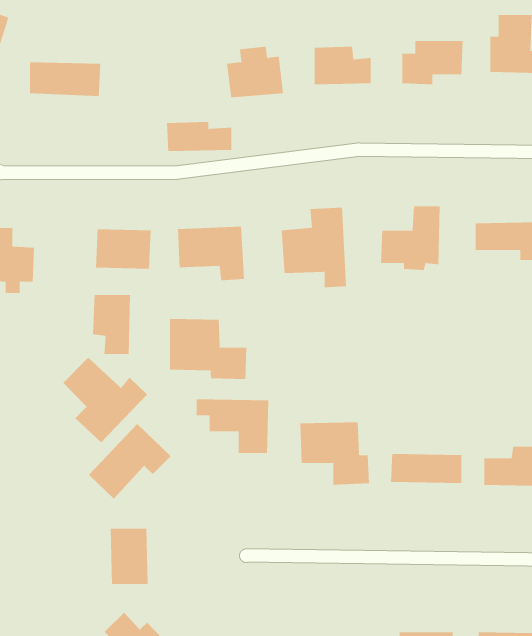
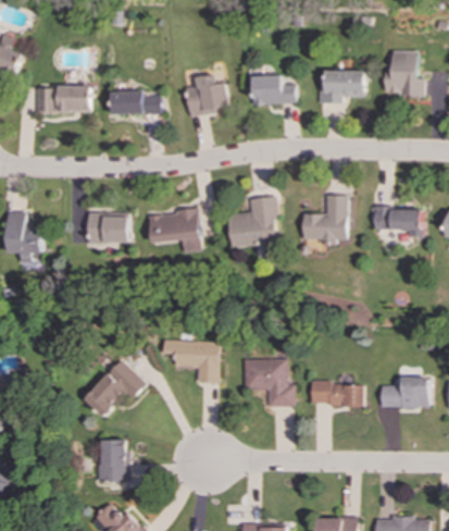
building: [166,121,232,152] -> [111,90,161,113]
building: [93,294,131,355] -> none
building: [169,318,247,380] -> none
building: [62,357,148,443] -> none

